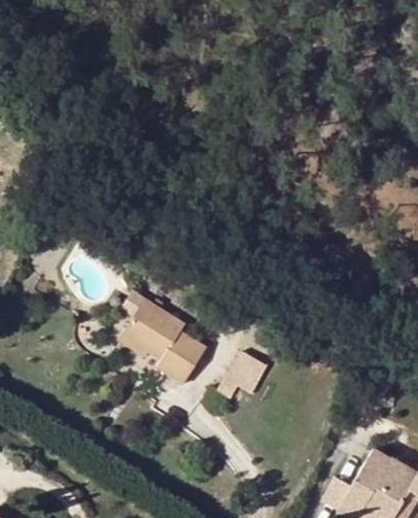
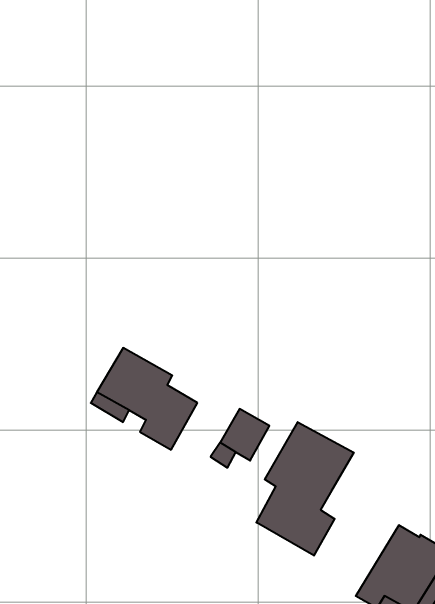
building: none -> [256,422,354,556]

